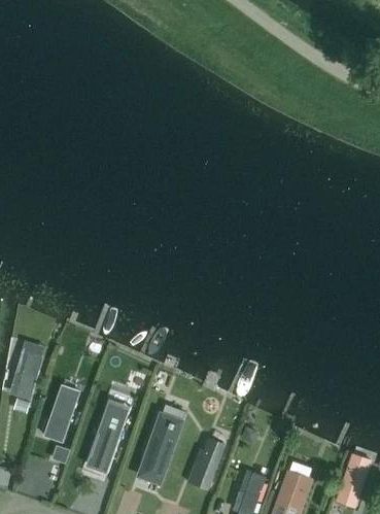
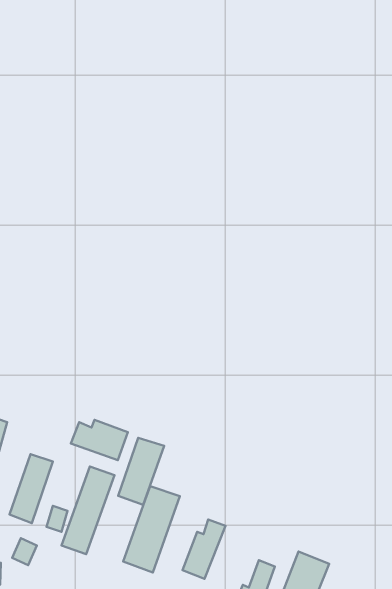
building: none -> [71,420,128,460]
building: none -> [118,438,164,505]

